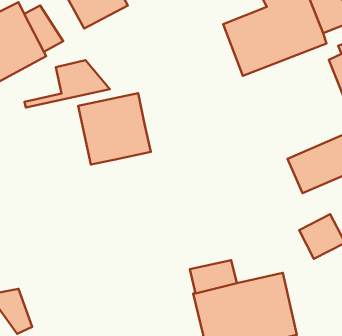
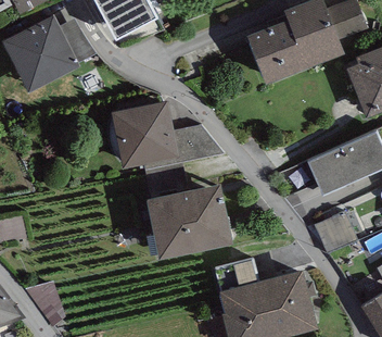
building: [25,60,110,107] -> [143,122,224,166]
building: none -> [145,182,231,255]

